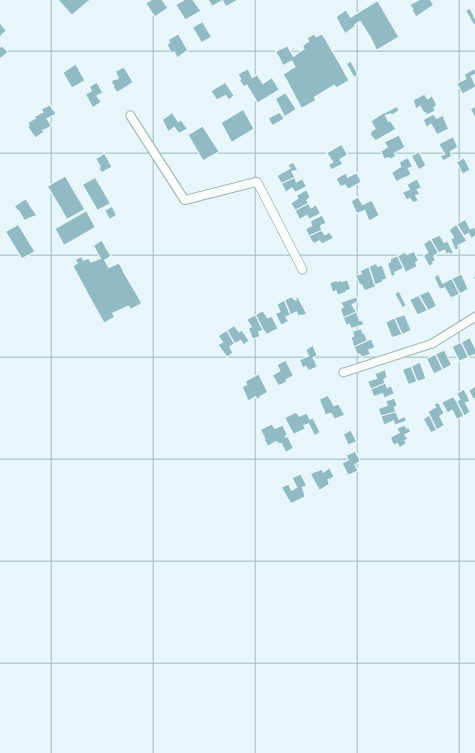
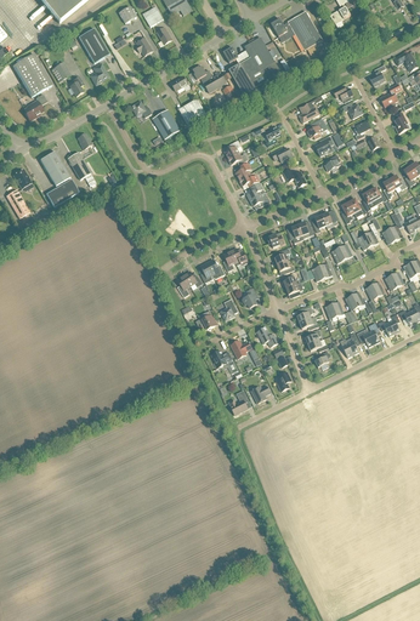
building: none -> [78,27,108,63]
building: none -> [12,52,51,97]
building: [73,240,142,323] -> none

